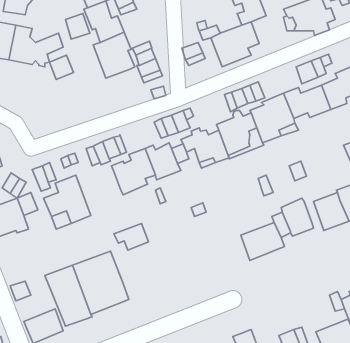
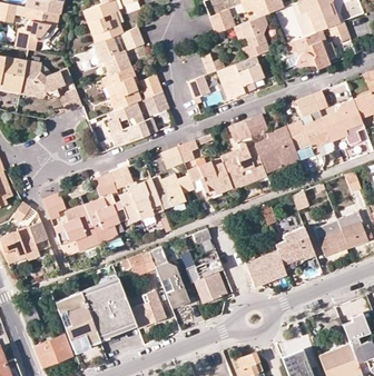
building: none -> [108,101,158,146]
building: none -> [86,196,129,243]
building: none -> [149,245,189,308]
building: none -> [180,251,227,303]
building: none -> [131,291,166,328]

